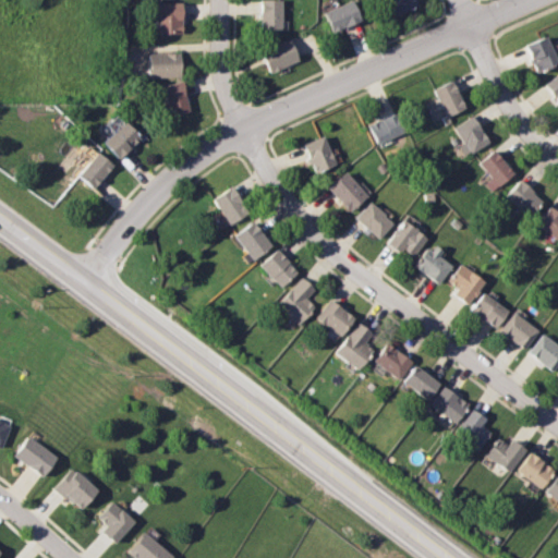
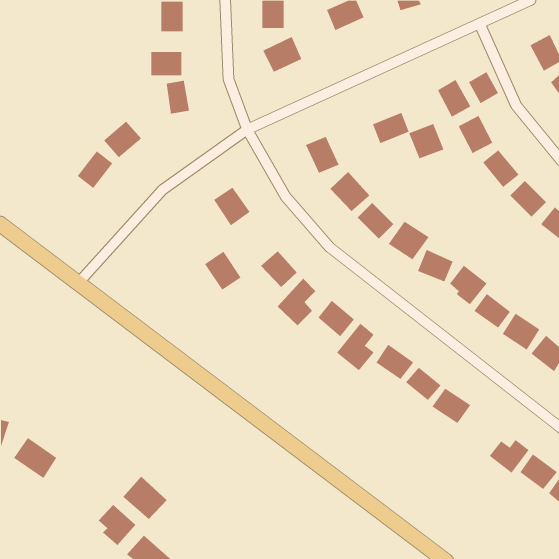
building: none -> [468,71,499,104]
building: none -> [408,123,444,159]
building: [235,222,272,262] -> [204,251,241,291]
building: [456,409,492,449] -> none
building: [56,468,100,511] -> [123,476,168,520]

